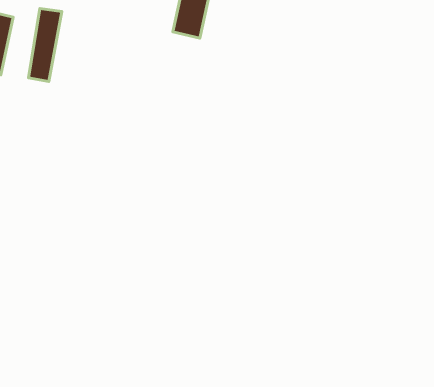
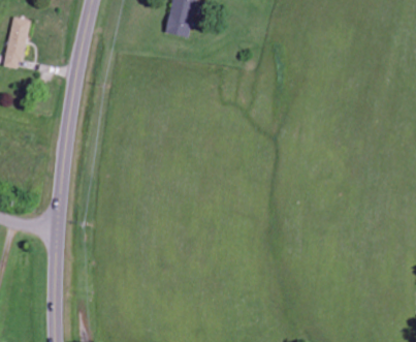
building: [28,8,62,82] -> none

